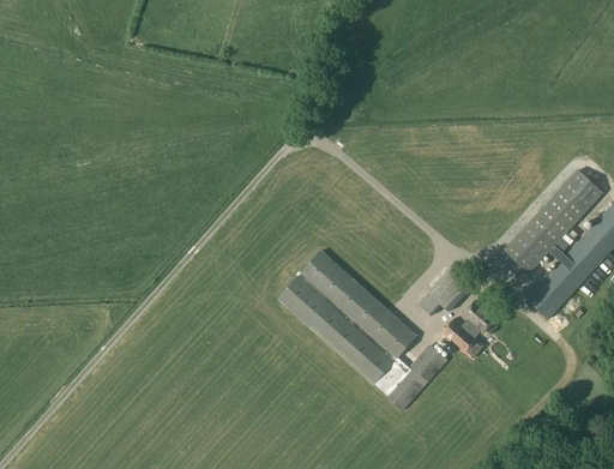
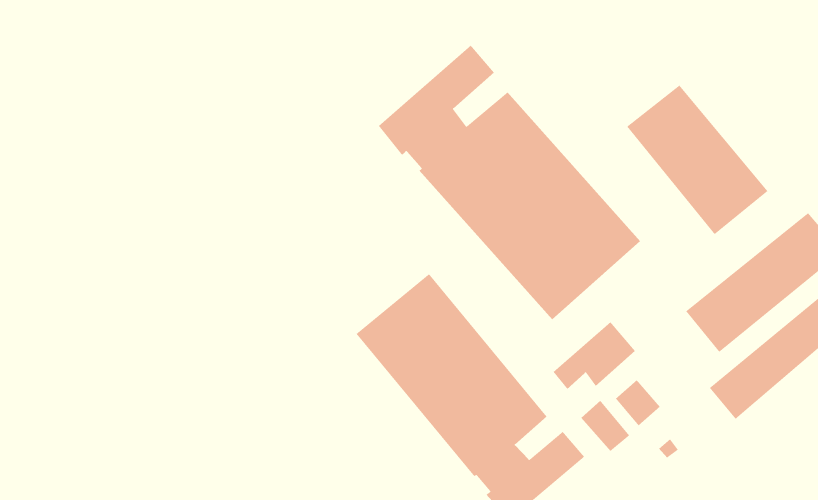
building: none -> [378,45,641,320]
building: none -> [626,84,768,235]

